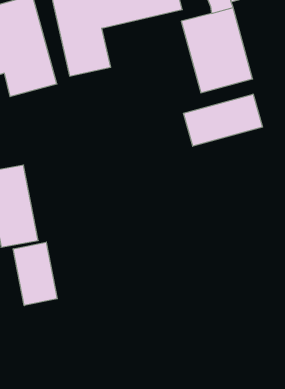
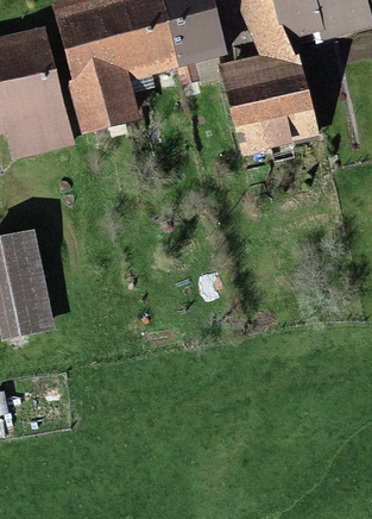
building: [183,94,263,146] -> none
building: [13,242,57,306] -> none

